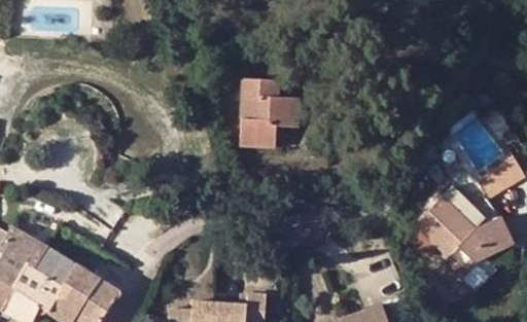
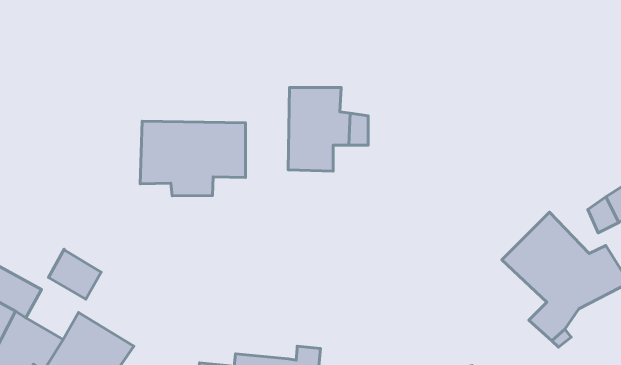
building: none -> [140,121,246,196]
building: [30,245,72,285] -> [49,249,101,299]

